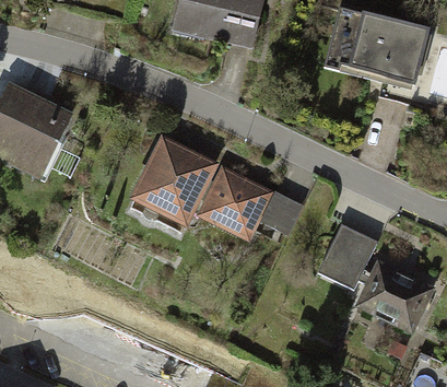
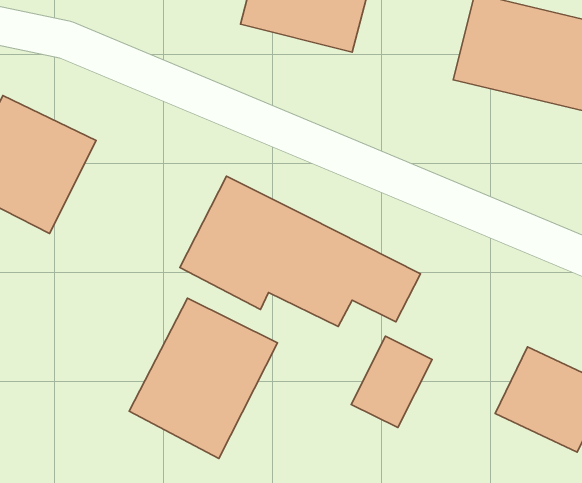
building: none -> [129,298,277,459]
building: [320,222,377,286] -> [351,336,432,428]

